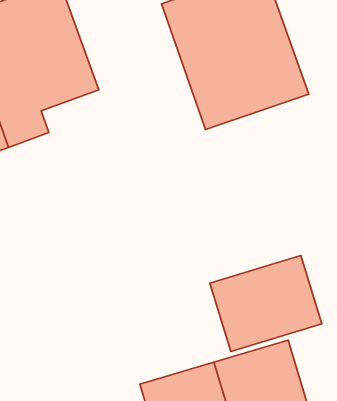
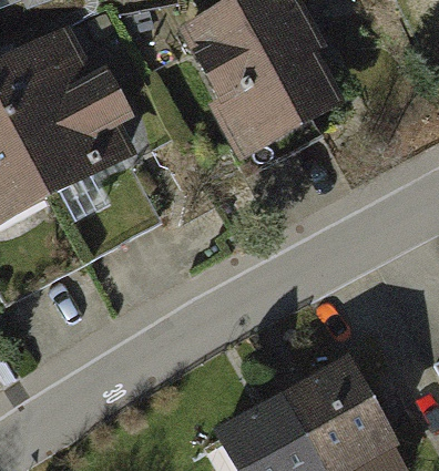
building: [210,256,322,351] -> none

